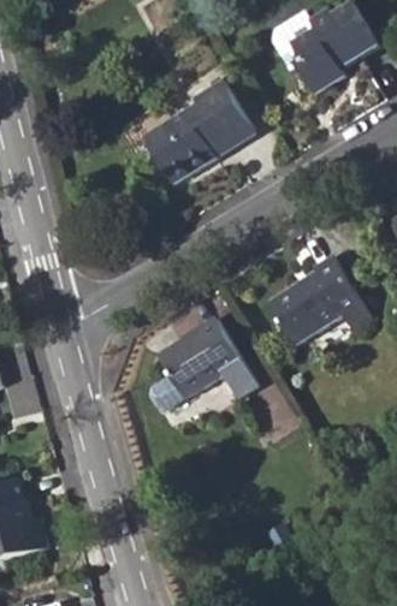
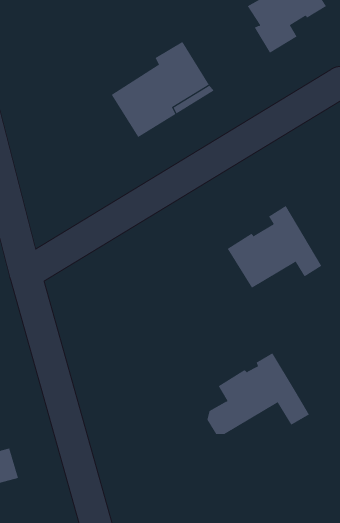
building: [147,320,257,408] -> [206,353,310,435]

